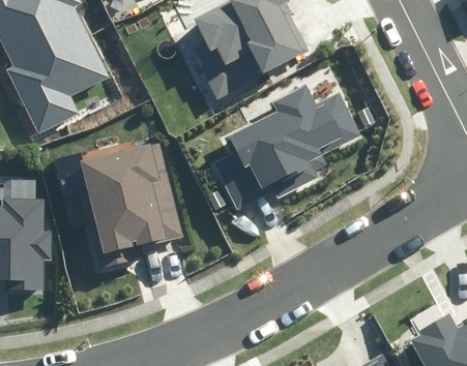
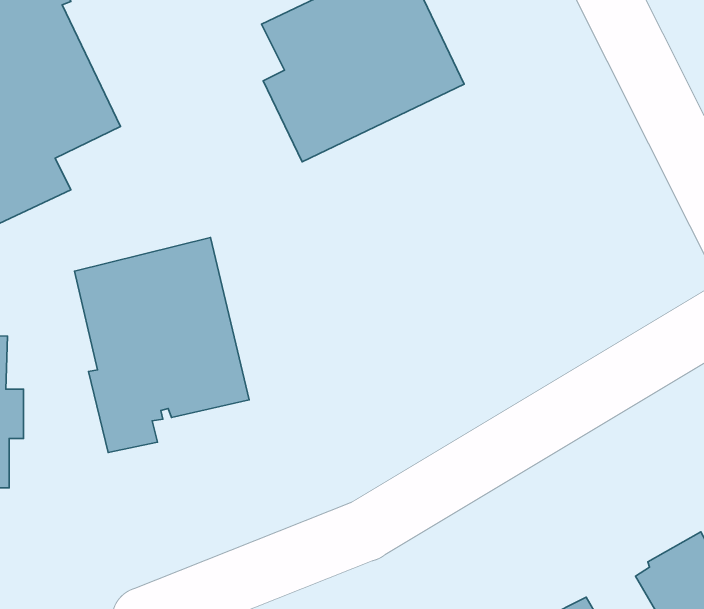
building: [211,84,359,208] -> none

